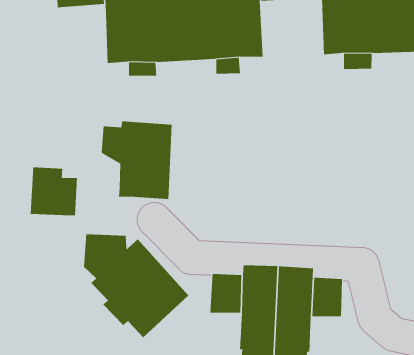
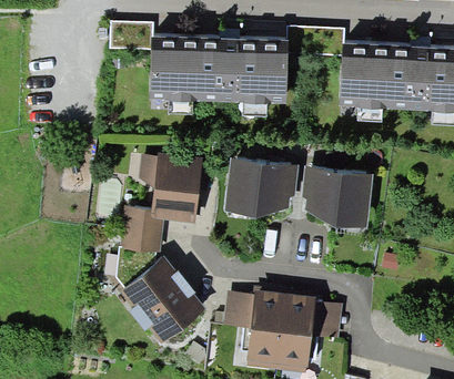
building: none -> [224,157,299,216]
building: none -> [302,165,373,226]
building: [30,167,78,216] -> [119,205,163,250]

